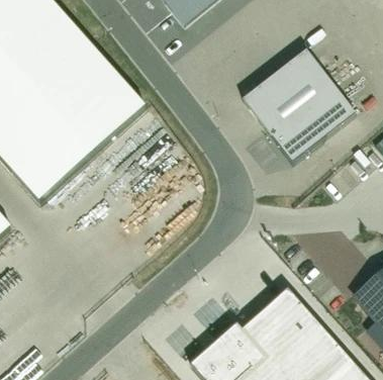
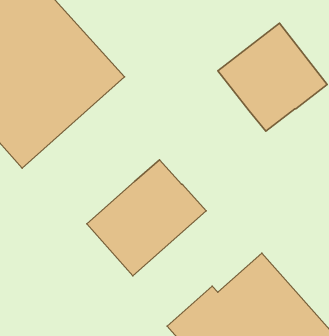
building: none -> [87,160,206,276]

